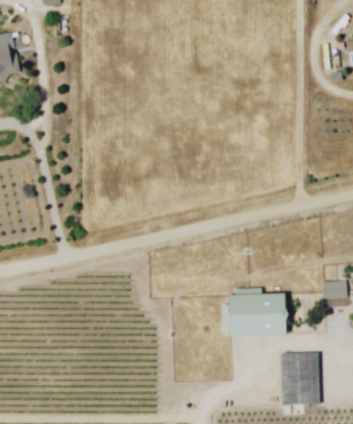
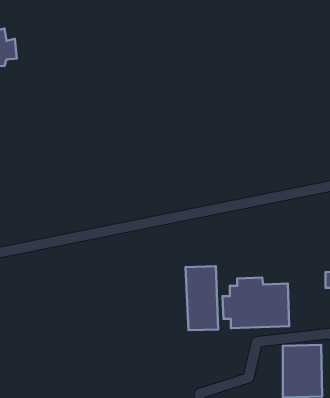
building: none -> [186,266,218,330]

